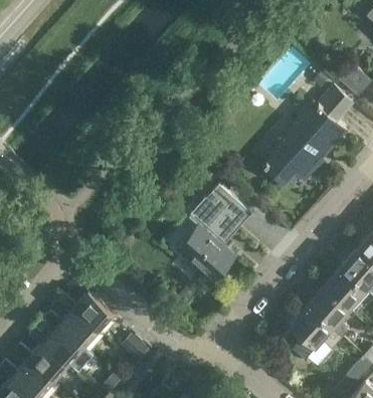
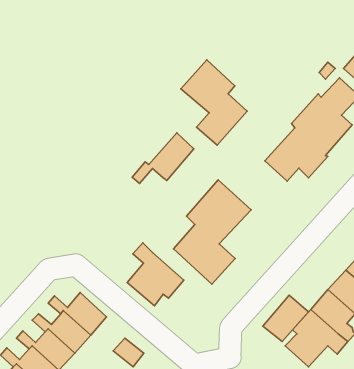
building: none -> [181,60,247,145]
building: none -> [132,133,194,184]
building: none -> [127,243,184,306]
building: none -> [263,295,309,341]

